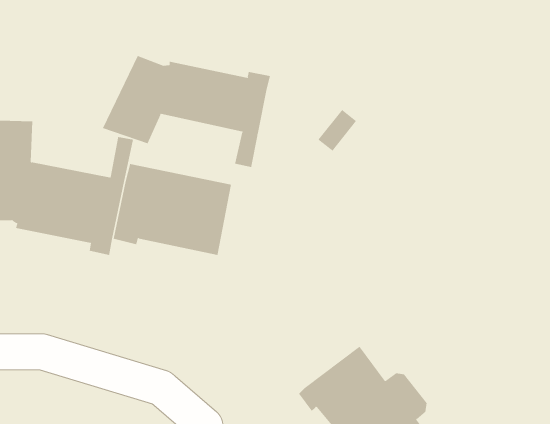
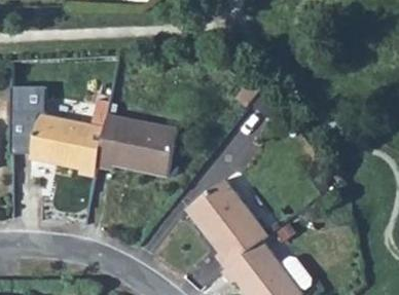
building: [102,55,270,168] -> none
building: none -> [185,179,267,267]

